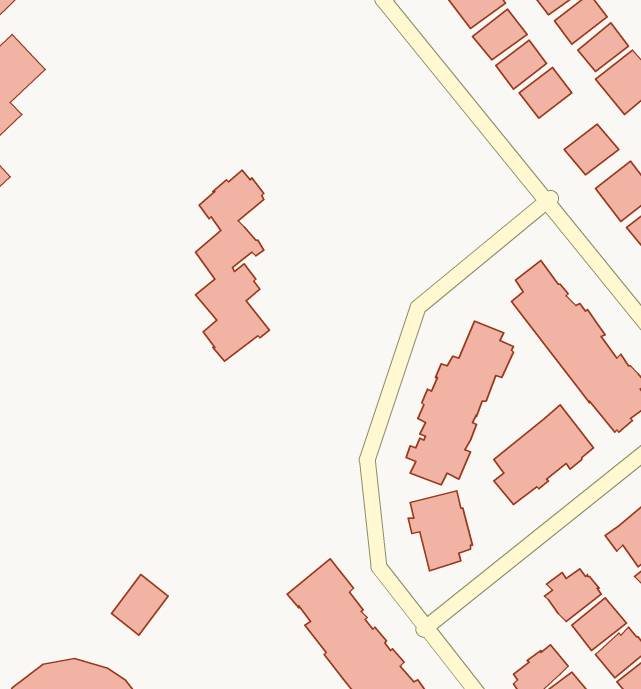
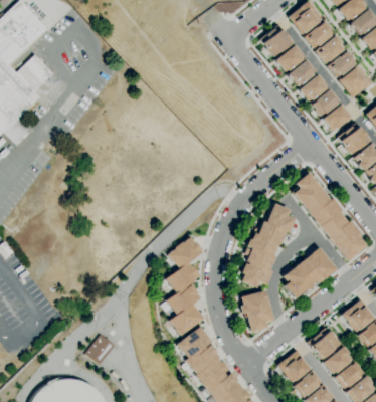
building: none -> [310,88,337,115]
building: [195,170,270,361] -> [167,237,205,336]
building: none -> [277,351,310,383]

